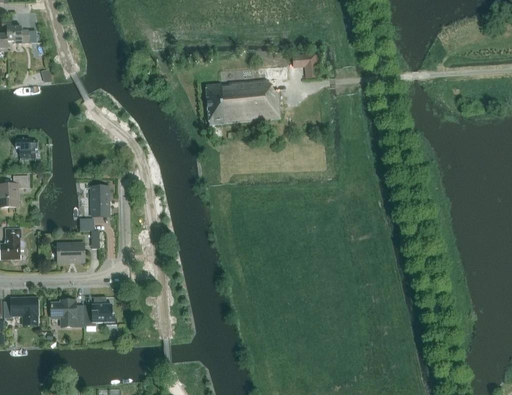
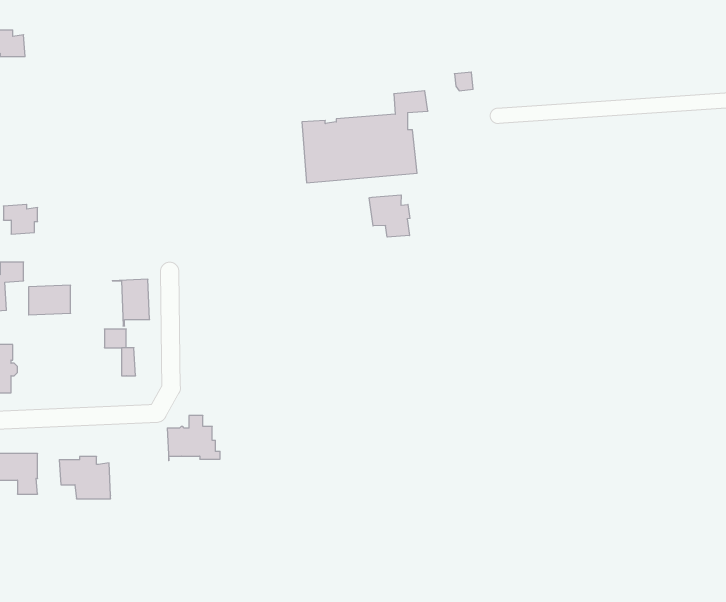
building: none -> [369,195,410,237]
building: [57,243,84,262] -> [29,285,71,315]
building: [83,296,117,325] -> [167,416,220,461]

